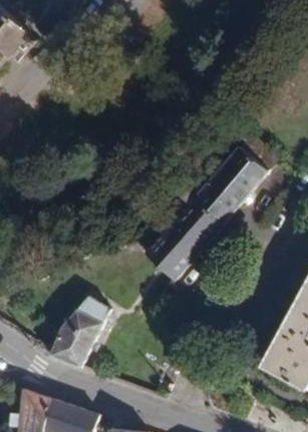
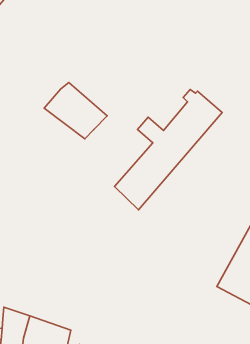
building: none -> [44,83,107,139]
building: [49,297,109,367] -> none

